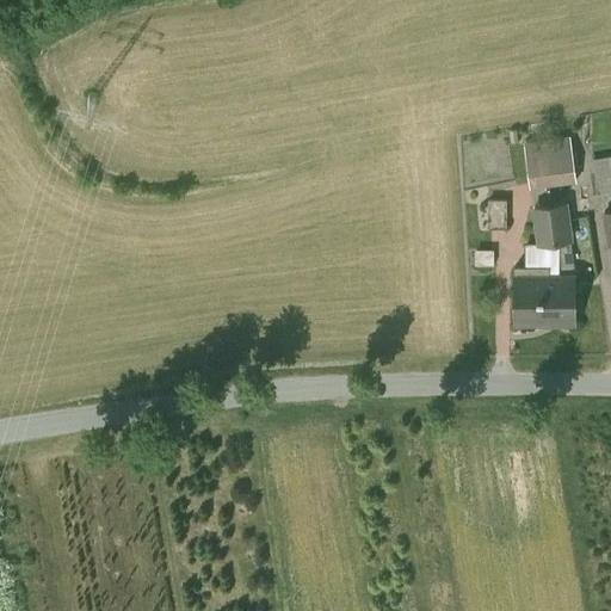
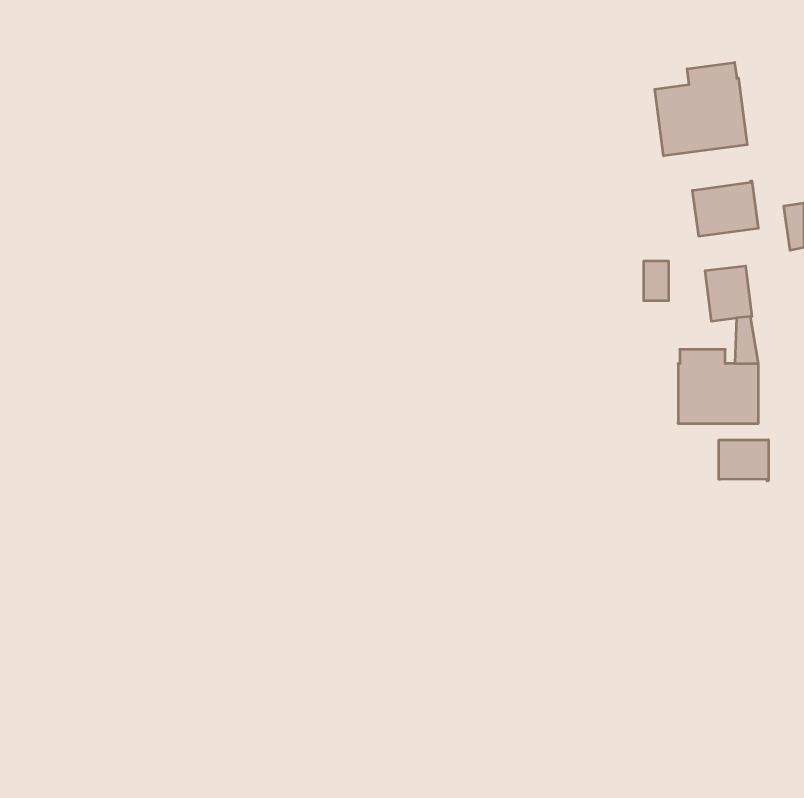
building: none -> [655,62,747,156]
building: none -> [719,440,768,481]

